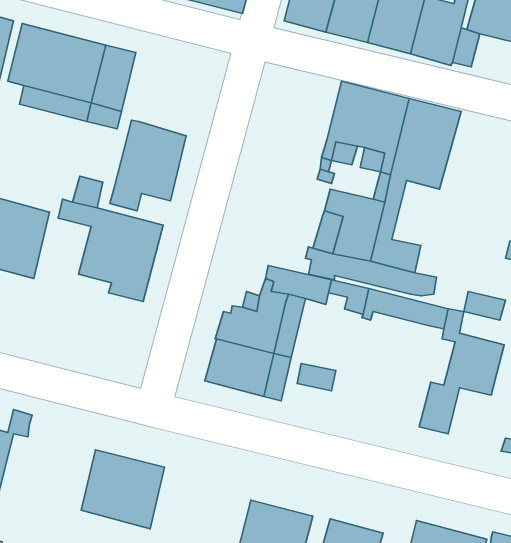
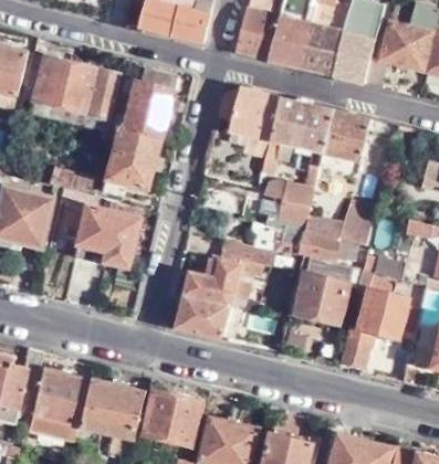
building: none -> [123,68,176,138]
building: none -> [217,86,279,140]
building: none -> [339,204,376,249]
building: none -> [293,273,346,323]
building: none -> [29,367,87,442]
building: none -> [142,391,200,445]

